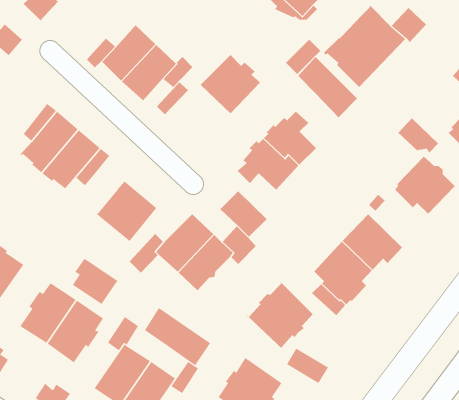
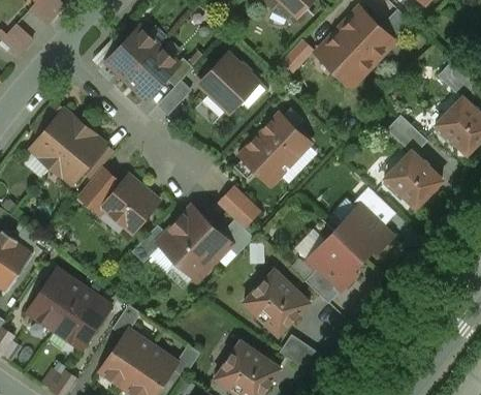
building: [297,56,358,118] -> none
building: none -> [77,168,121,214]
building: [72,258,118,305] -> none
building: [144,307,211,366] -> none

